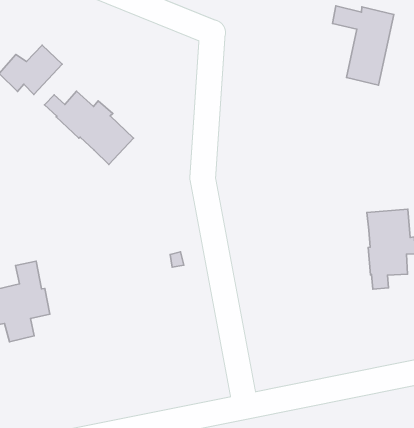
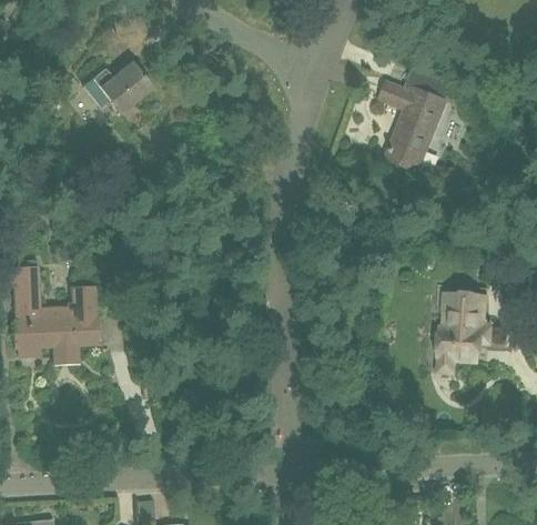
building: [332,6,394,85] -> [379,81,445,171]
building: [45,91,134,164] -> none

